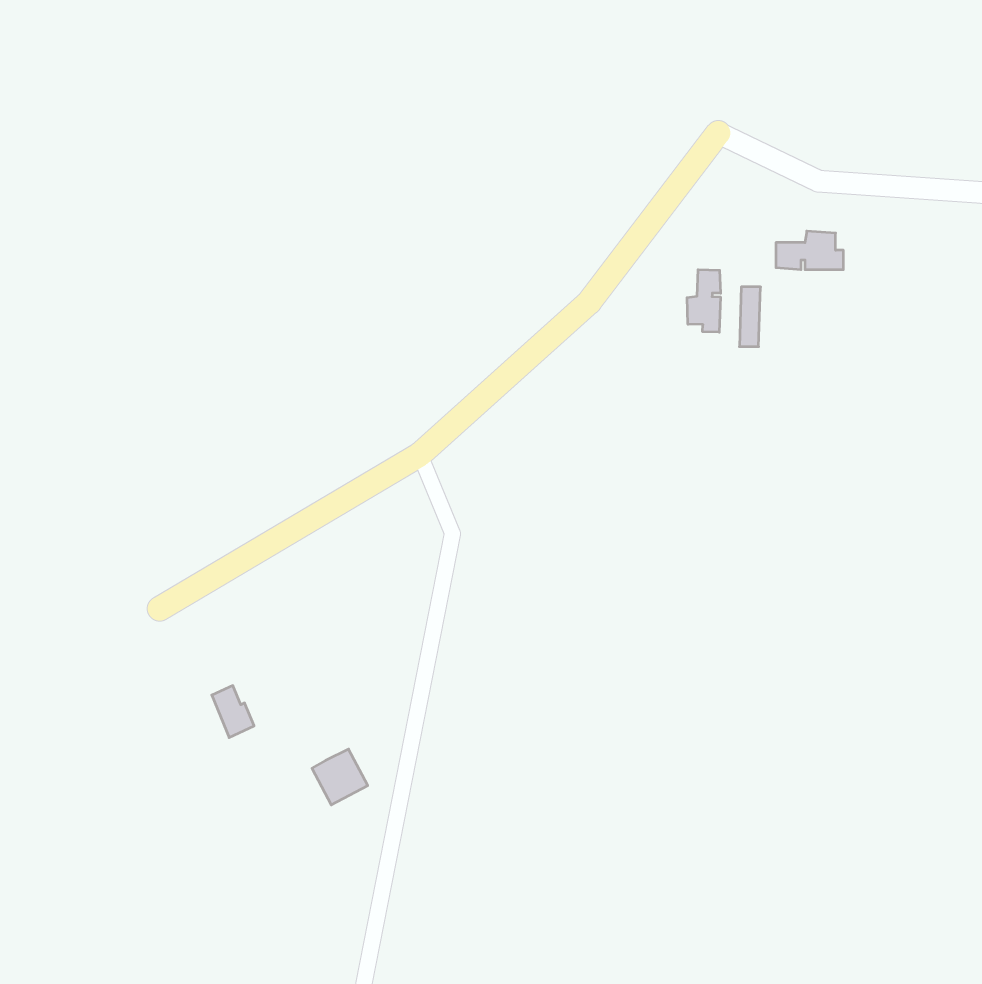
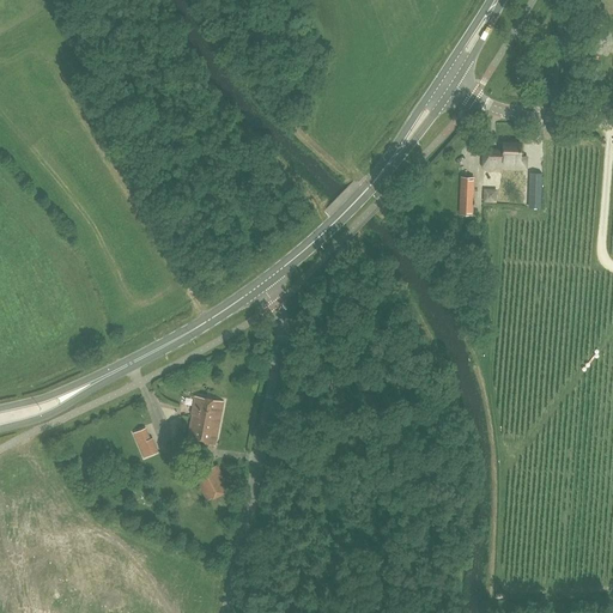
building: [687,270,721,332] -> none
building: none -> [187,396,223,445]

